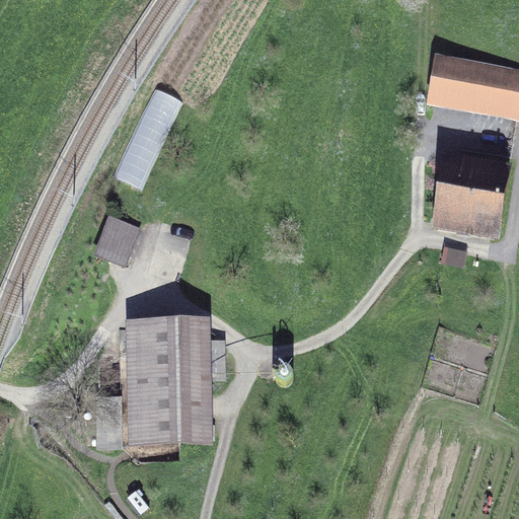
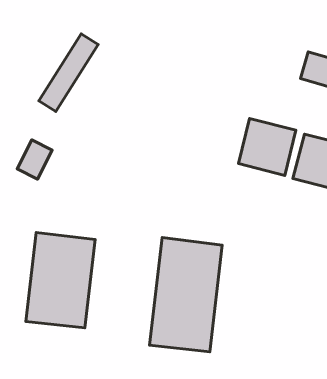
building: none -> [239,119,296,175]
building: none -> [150,238,222,352]

